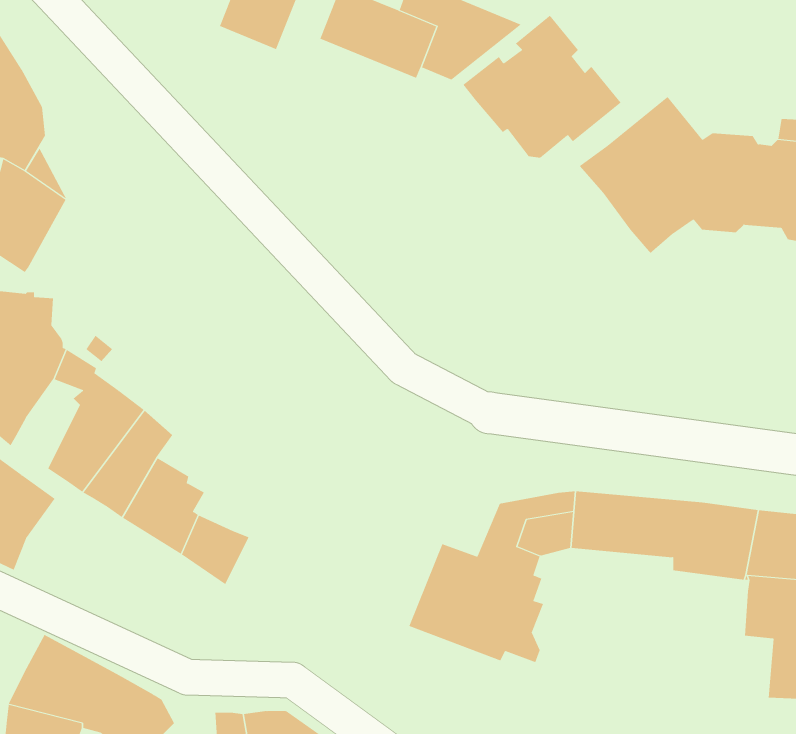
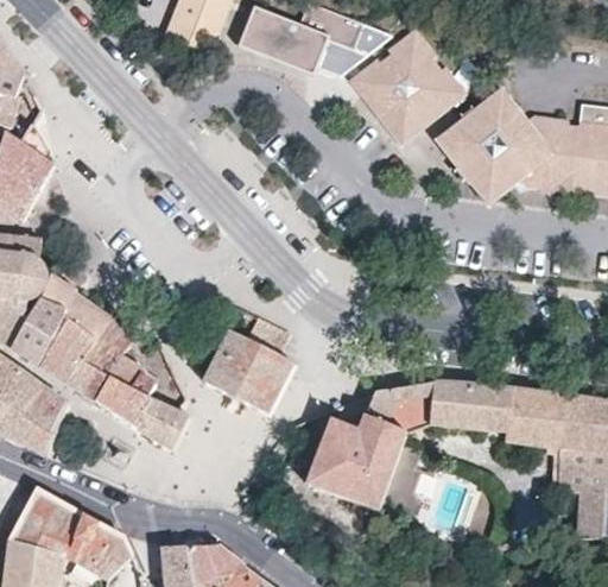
building: none -> [10,298,63,365]
building: none -> [202,316,296,416]
building: none -> [12,387,63,454]

